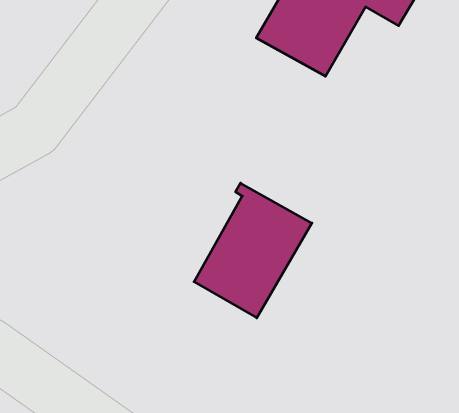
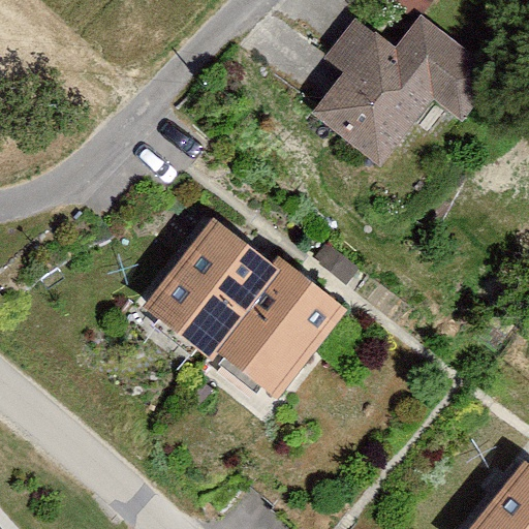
building: none -> [143,220,277,357]

